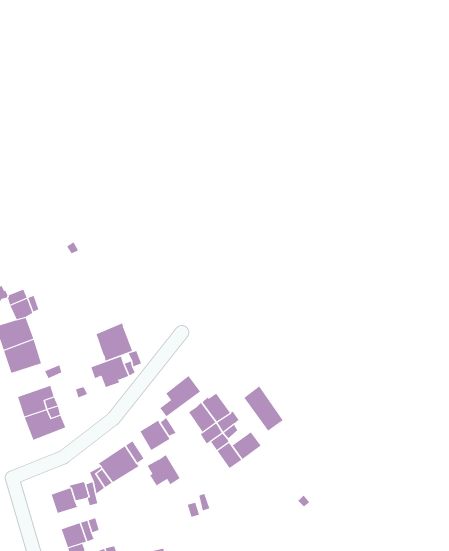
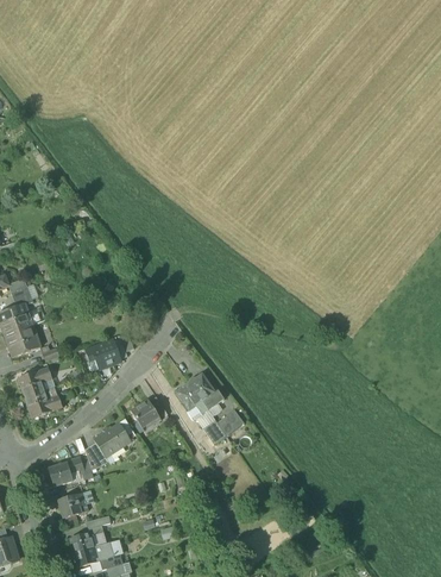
building: [96,323,133,362] -> none
building: [160,375,201,417] -> none
building: [244,386,283,431] -> none
building: [147,454,180,487] -> none

